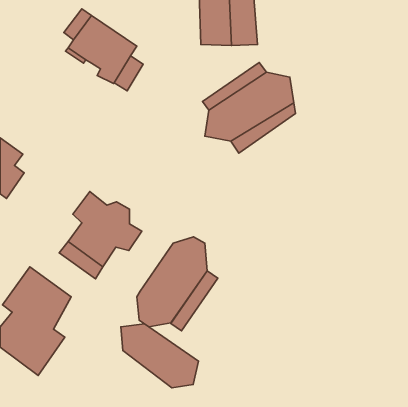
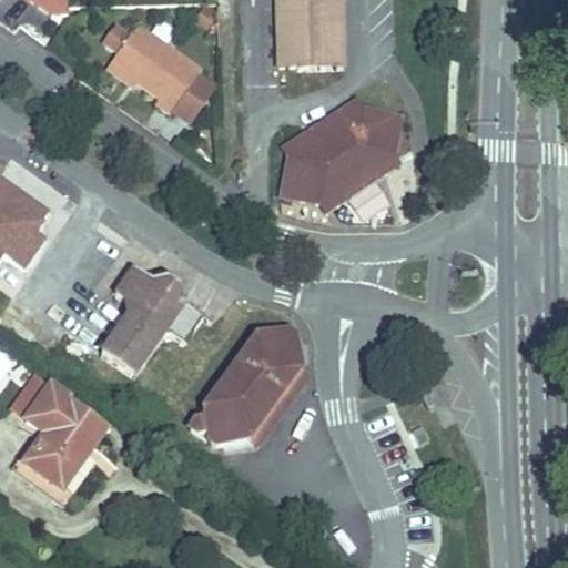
building: [121,324,199,388] -> none

